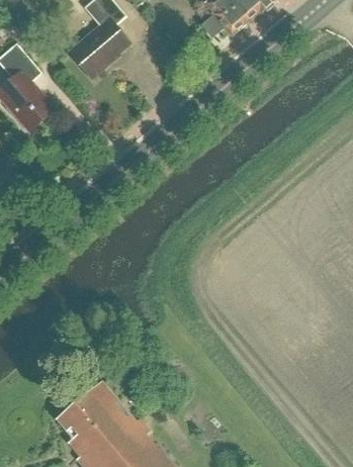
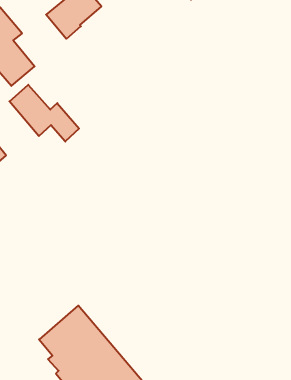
building: none -> [9,85,79,142]

